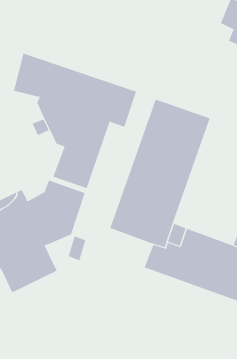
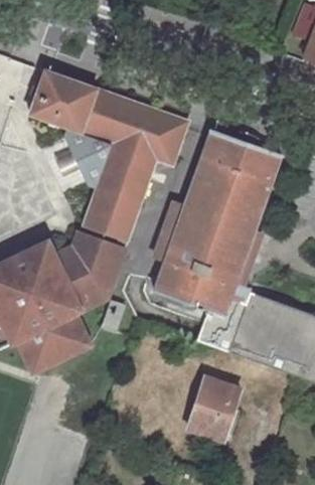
building: none -> [187,374,241,440]

